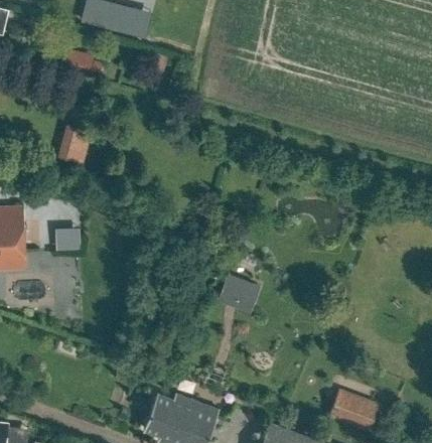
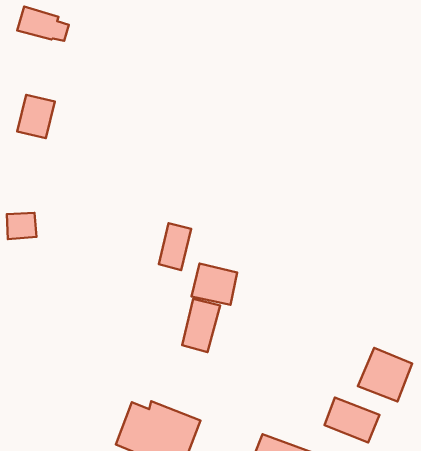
building: none -> [159,223,191,270]
building: none -> [182,299,220,352]
building: none -> [358,348,412,401]

